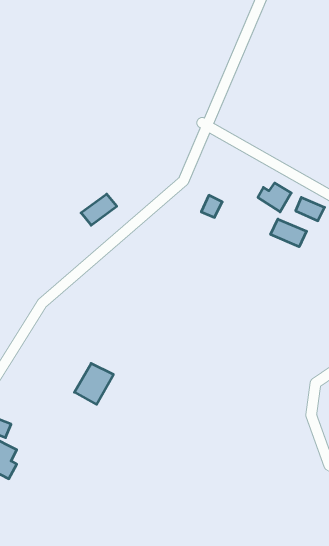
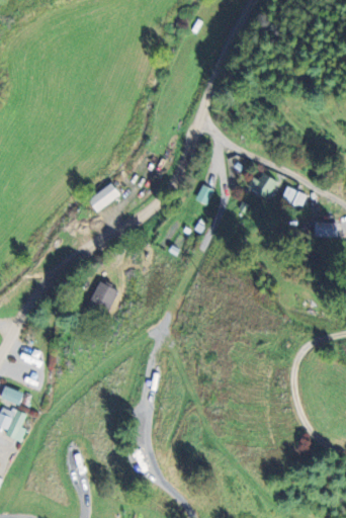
building: [271,219,307,247] -> none
building: [74,363,113,404] -> [85,281,120,319]

